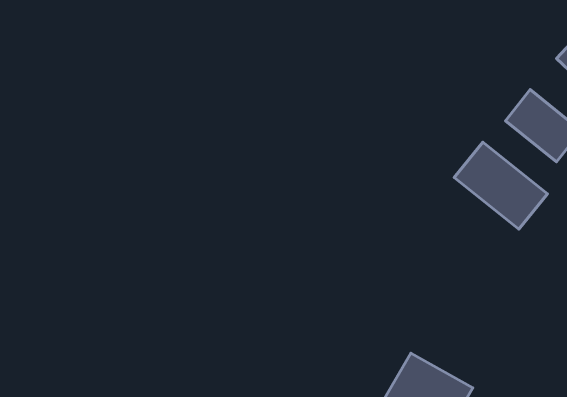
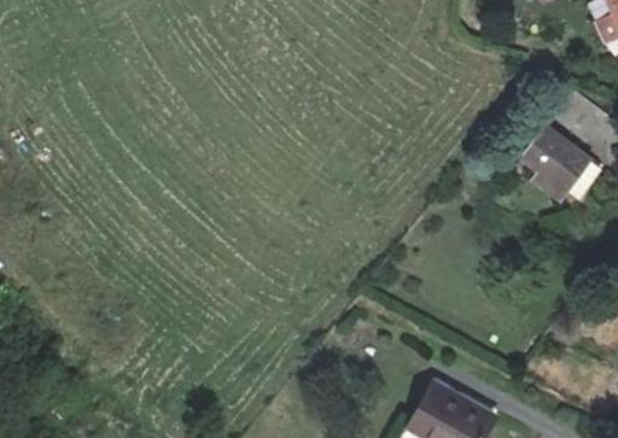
building: [454,142,547,229] -> none

